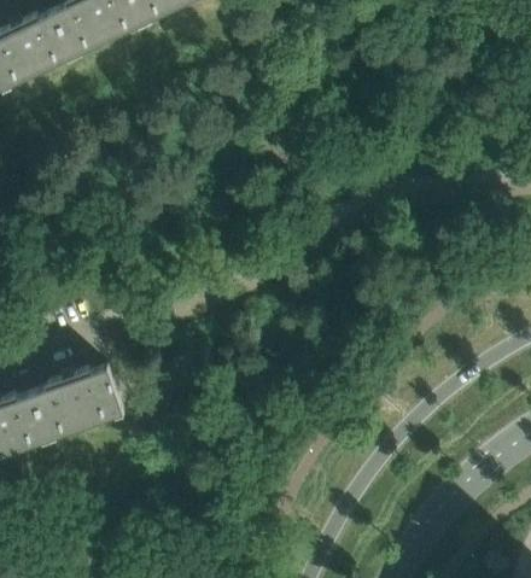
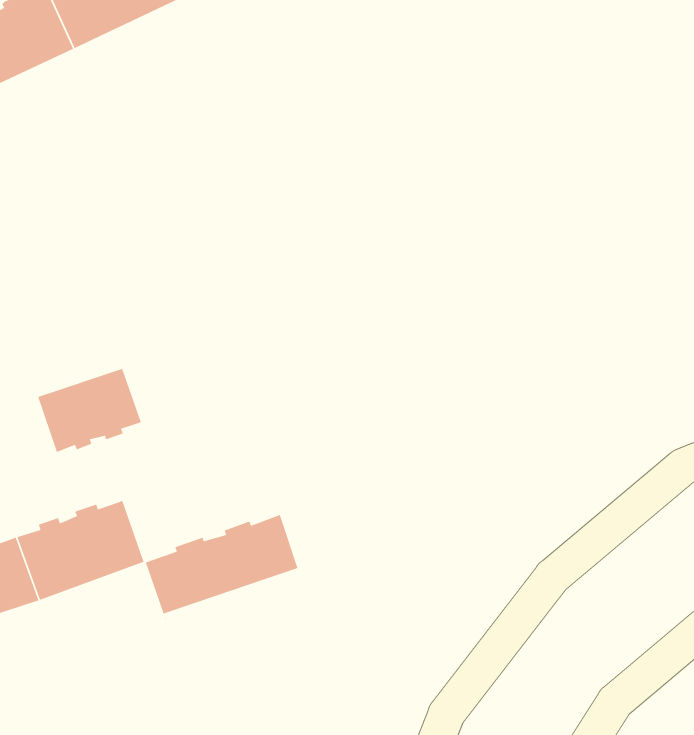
building: none -> [37,362,142,453]
building: none -> [145,514,299,621]

